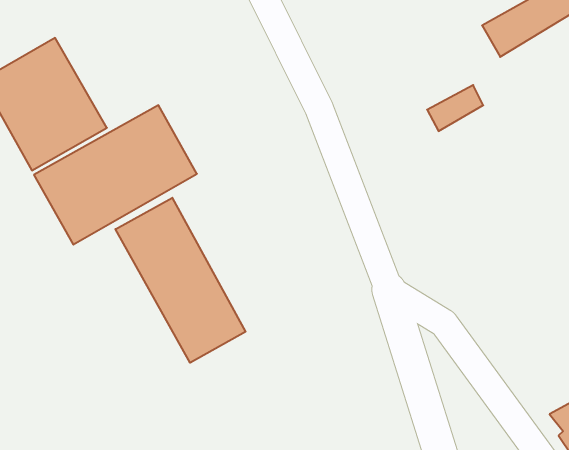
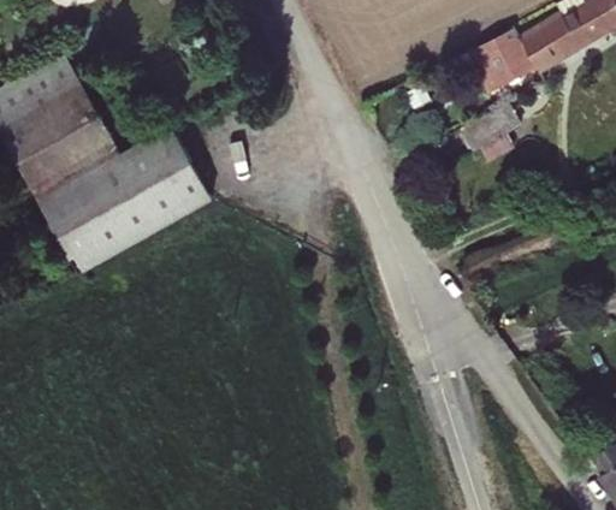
building: none -> [472,28,534,90]
building: [115,198,246,363] -> none

